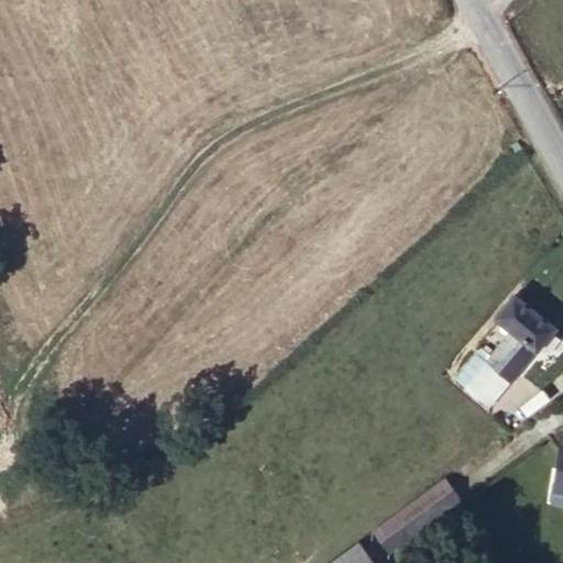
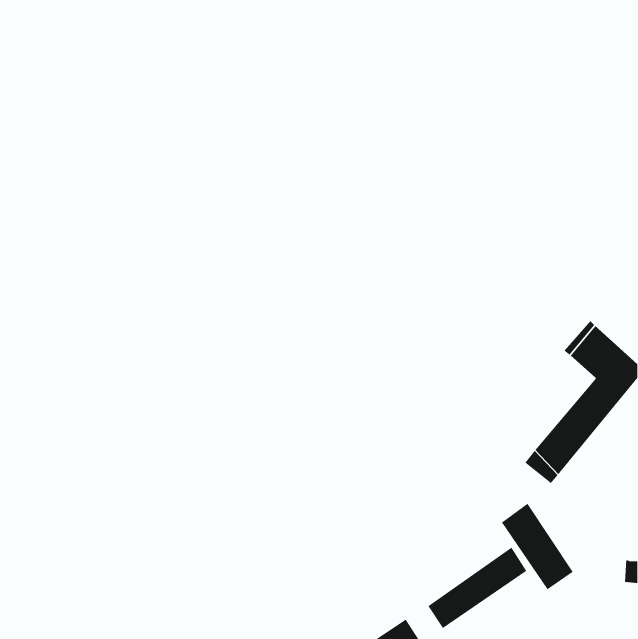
building: none -> [501,503,573,590]

